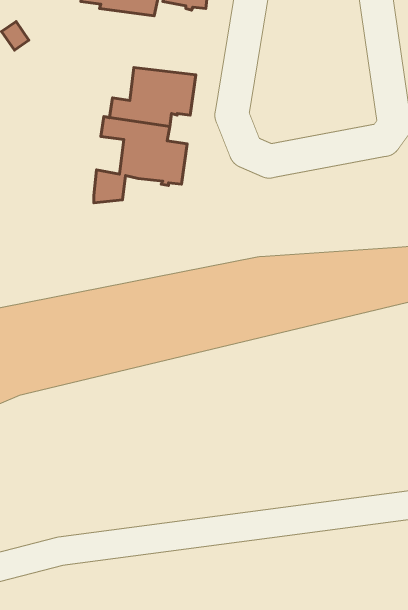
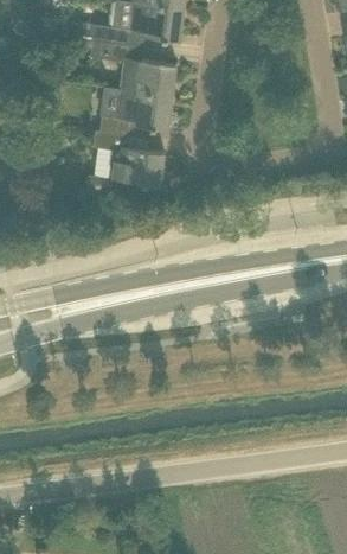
building: none -> [90,42,175,96]

